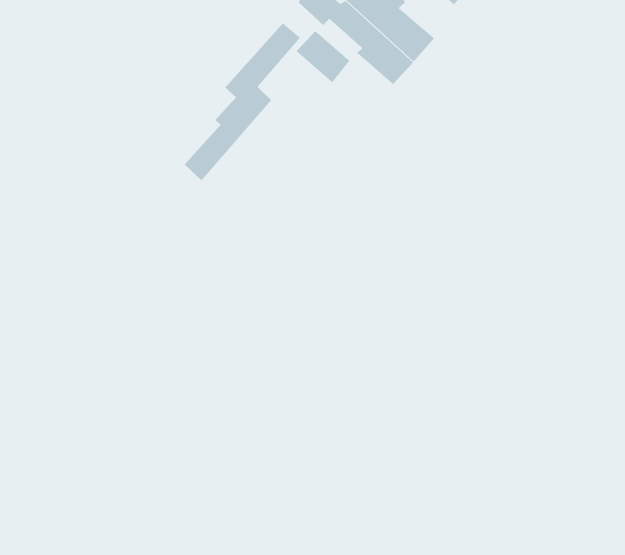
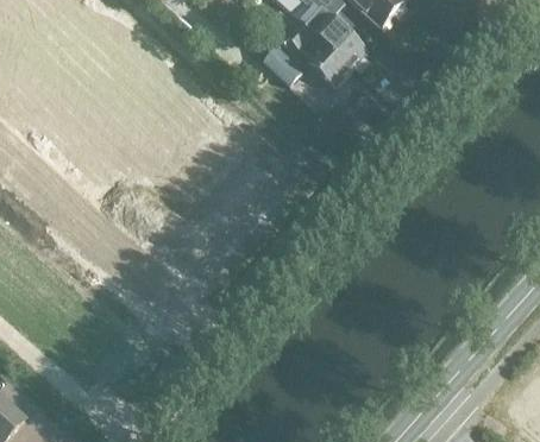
building: [184,23,301,181] -> none

